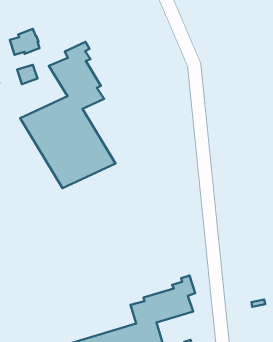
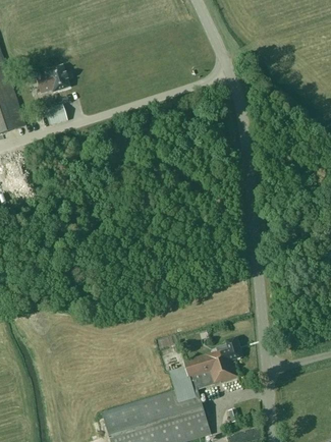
building: [20,42,116,188] -> none

